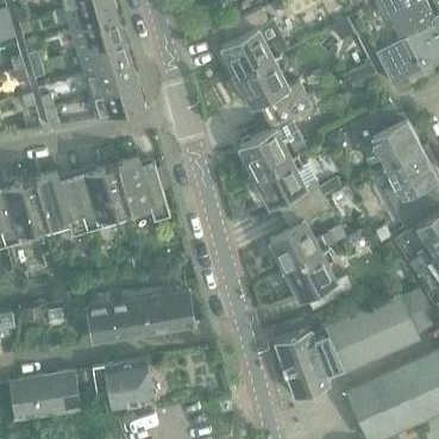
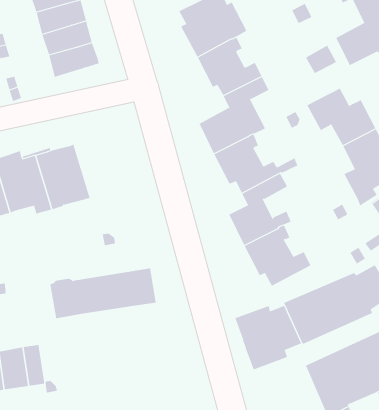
building: [89,82,142,119] -> none
building: [109,156,169,221] -> none
building: [92,359,156,408] -> none

